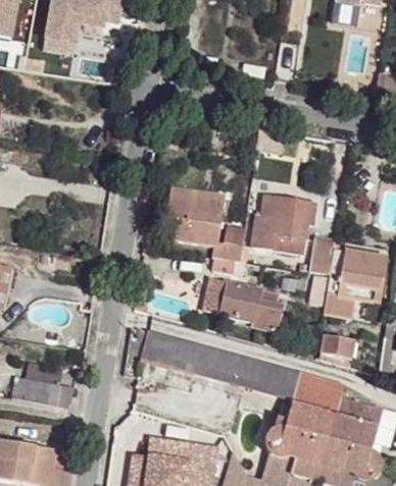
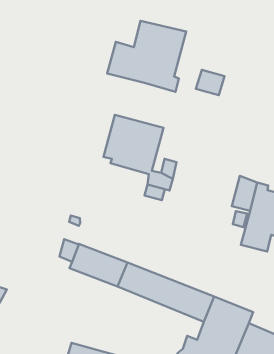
building: none -> [107,21,186,92]
building: [252,195,315,254] -> none
building: [202,278,283,331] -> none
building: [318,334,354,367] -> none

